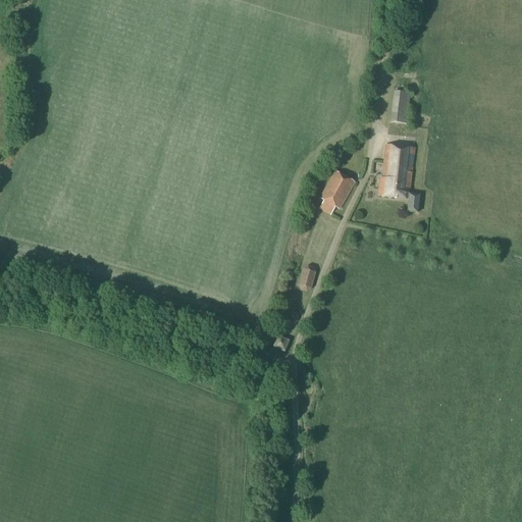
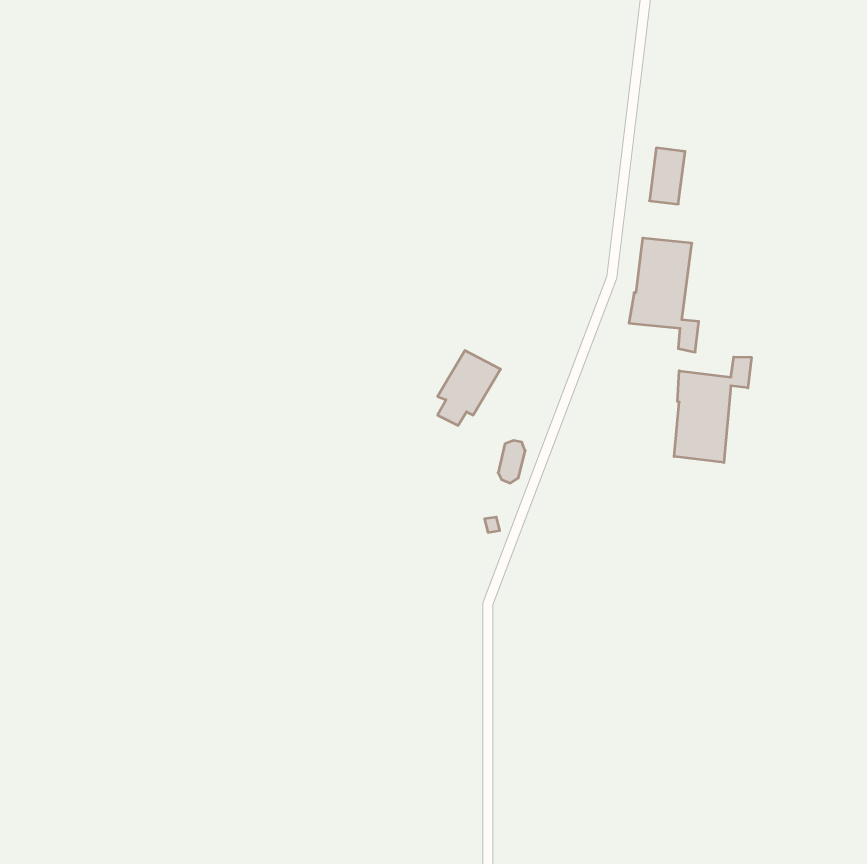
building: [319,168,357,213] -> [438,351,501,425]
building: none -> [674,357,751,463]

